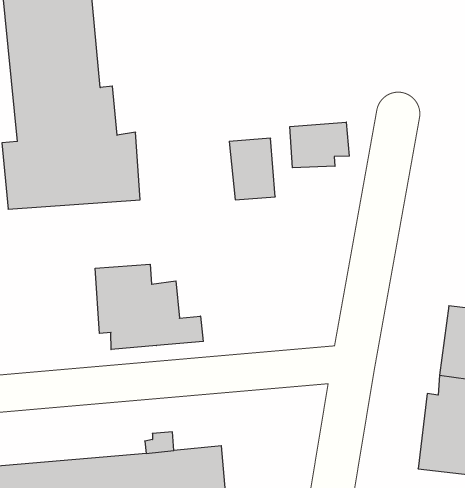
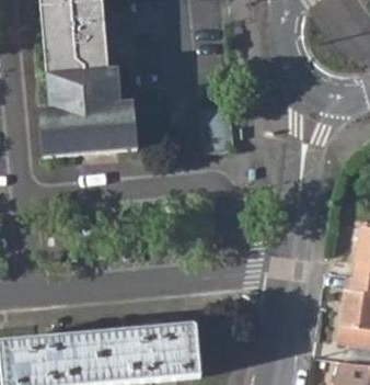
building: [290,122,349,168] -> none
building: [95,264,203,350] -> none

